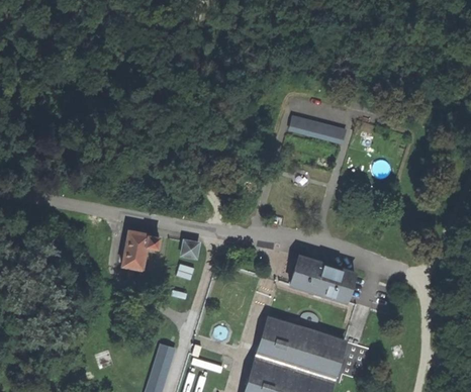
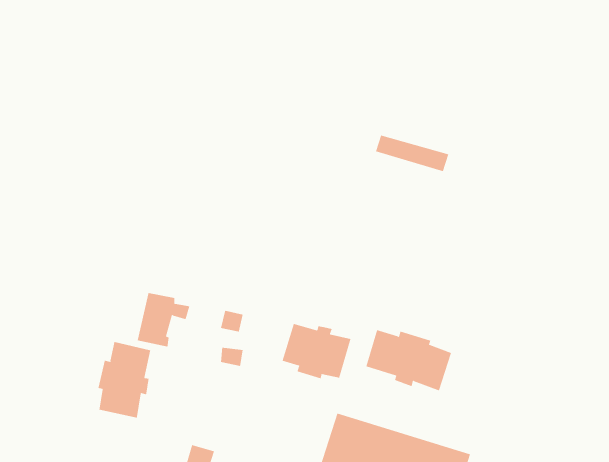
building: none -> [282,323,351,379]
building: none -> [98,341,151,418]

